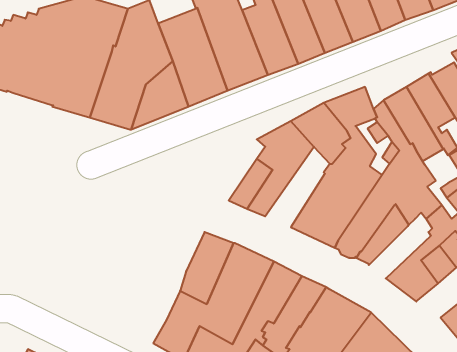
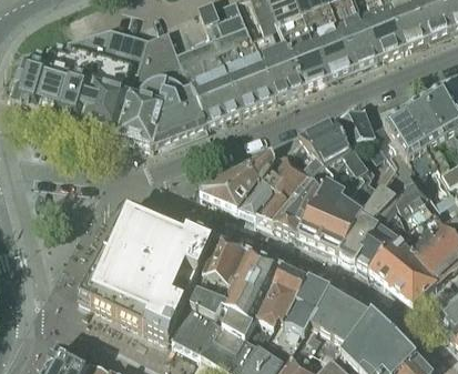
building: none -> [201,154,275,210]
building: none -> [275,161,334,234]
building: none -> [80,205,215,337]
building: none -> [369,221,427,281]

